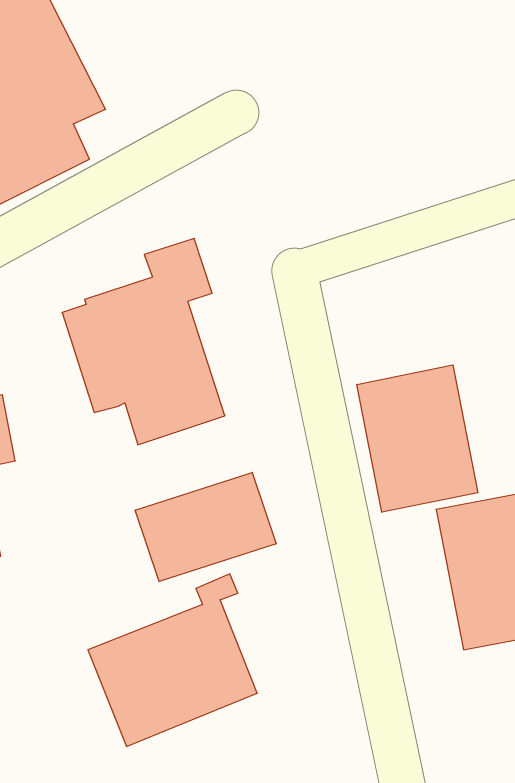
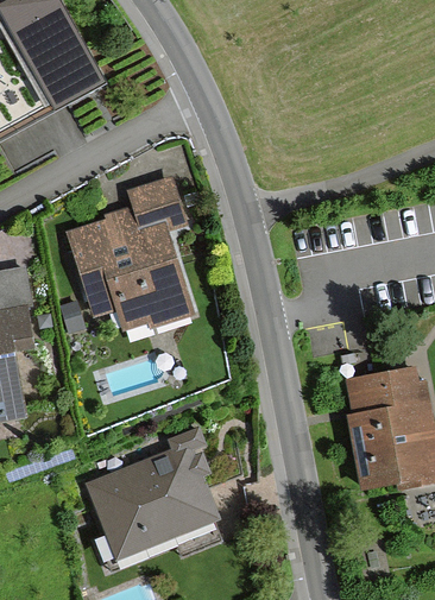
building: [357,365,478,512] -> none
building: [135,472,276,582] -> none

